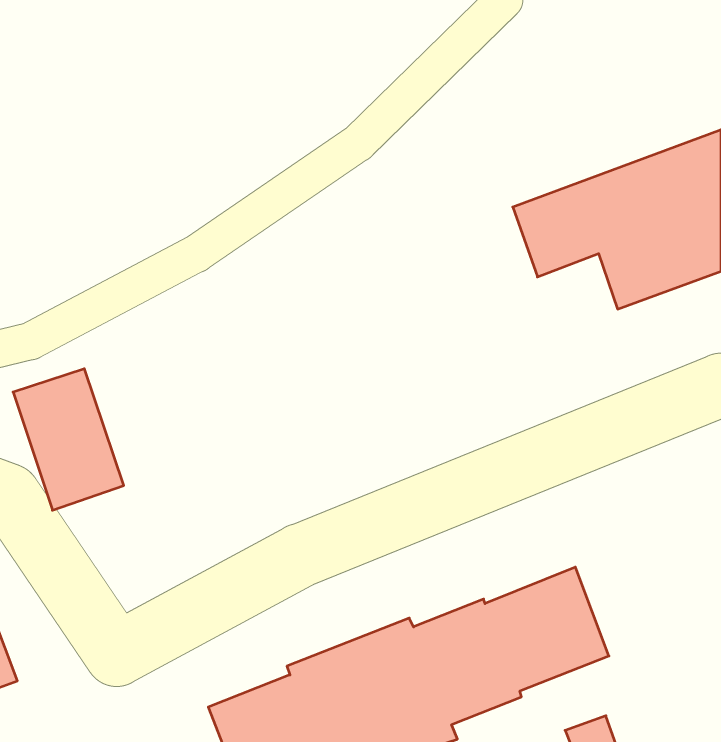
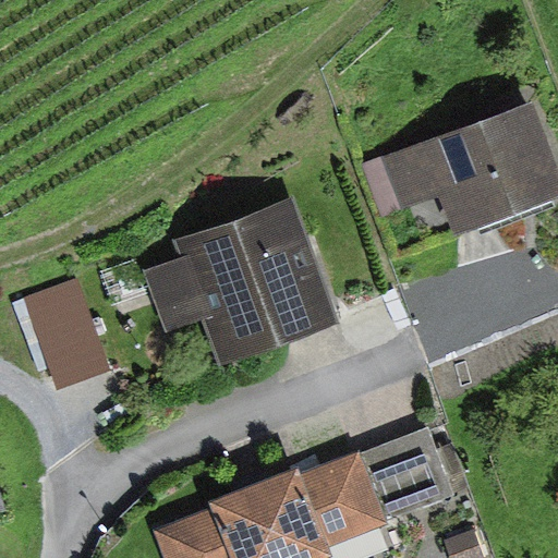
building: none -> [147,202,341,364]

